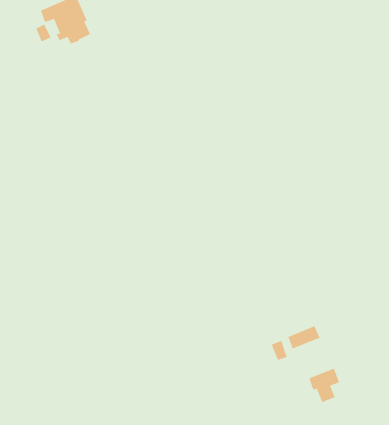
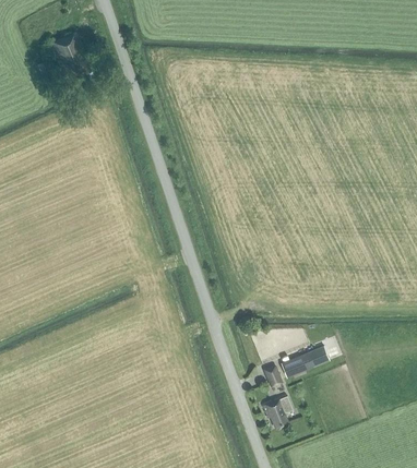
building: [308,368,340,403] -> [262,395,293,429]

